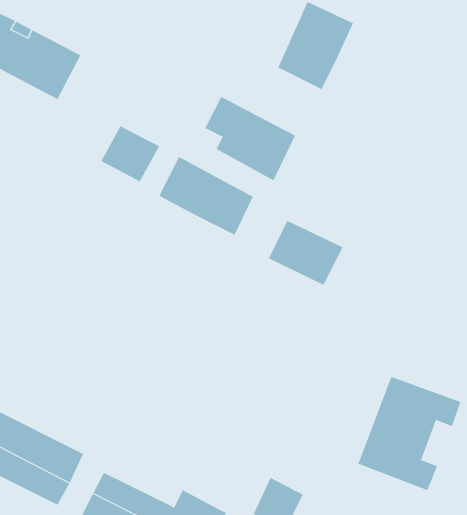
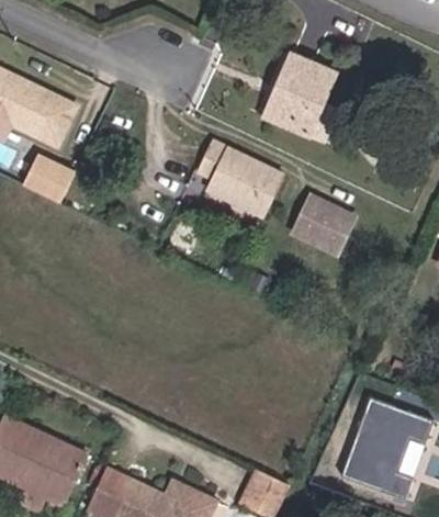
building: [101,125,160,182] -> [30,154,82,204]
building: [158,156,254,235] -> none
building: [268,220,344,286] -> [282,198,349,256]

